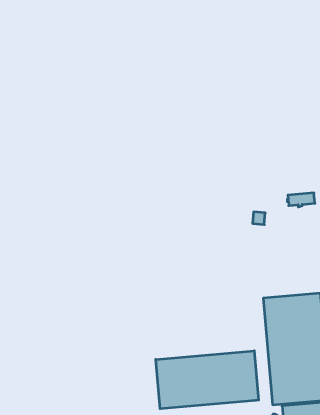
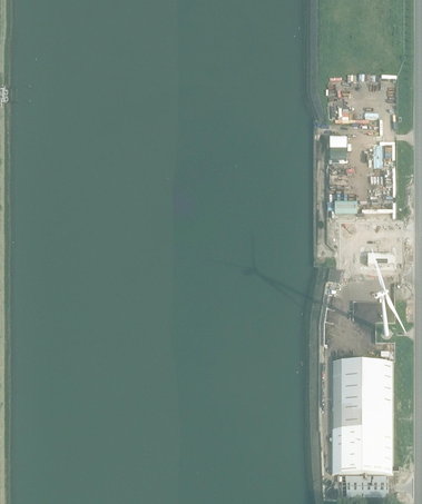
building: [156,351,259,409] -> none

